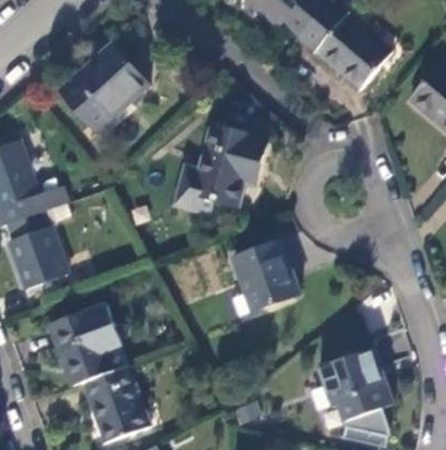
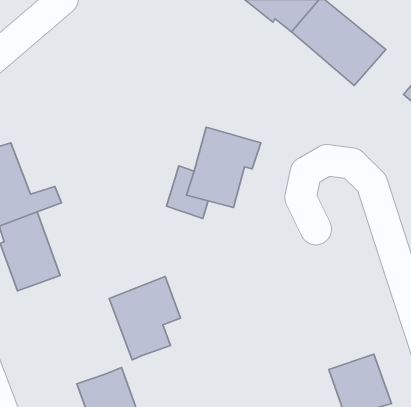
building: [58,47,148,136] -> none
building: [232,239,300,310] -> none
building: [49,303,119,386] -> [109,276,181,360]

